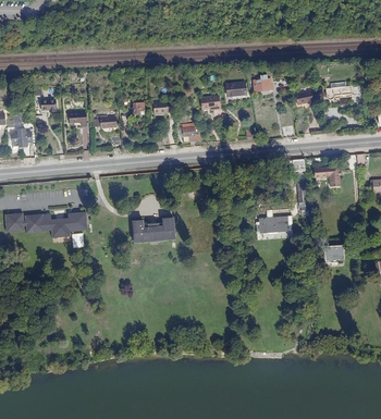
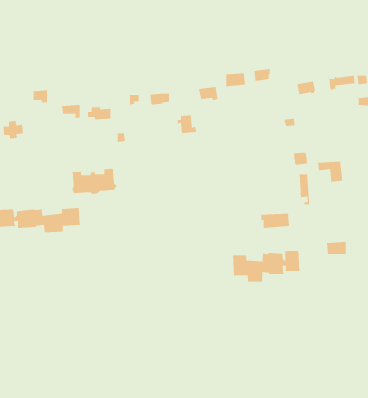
building: [133,218,176,244] -> [72,168,117,195]
building: none -> [232,250,300,283]

